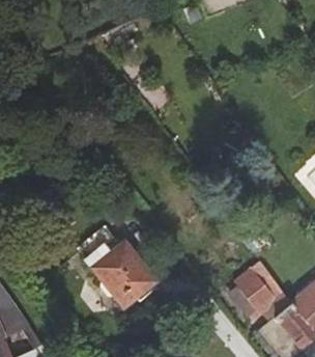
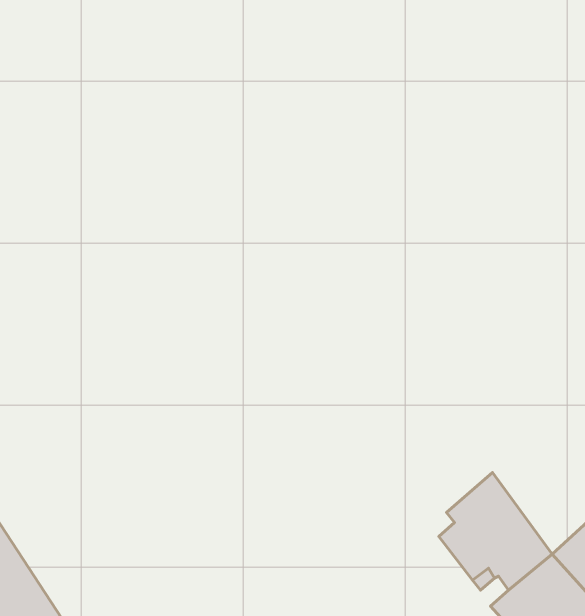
building: [94,244,155,305] -> none

